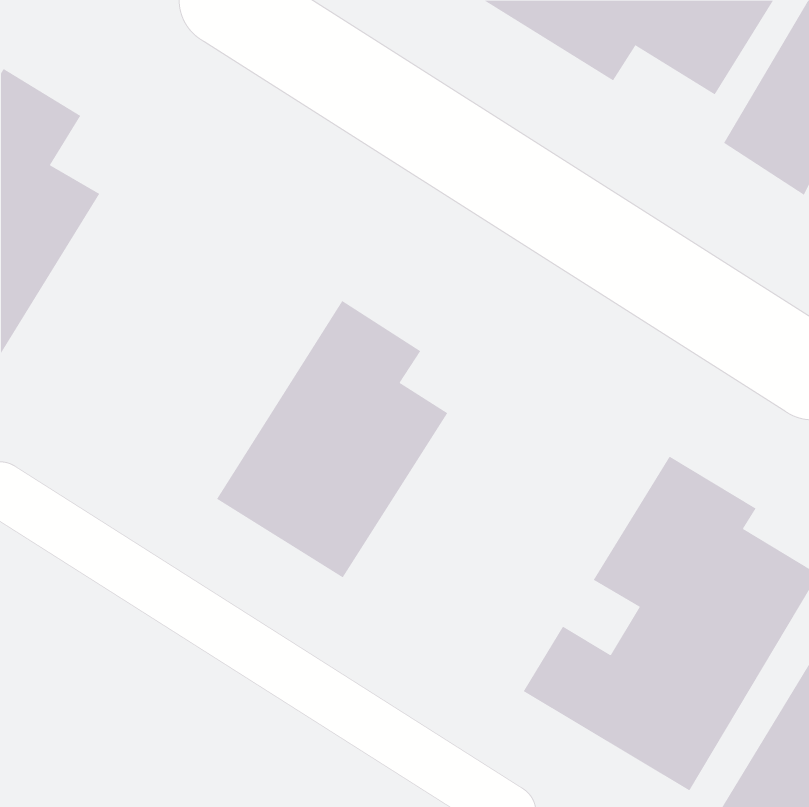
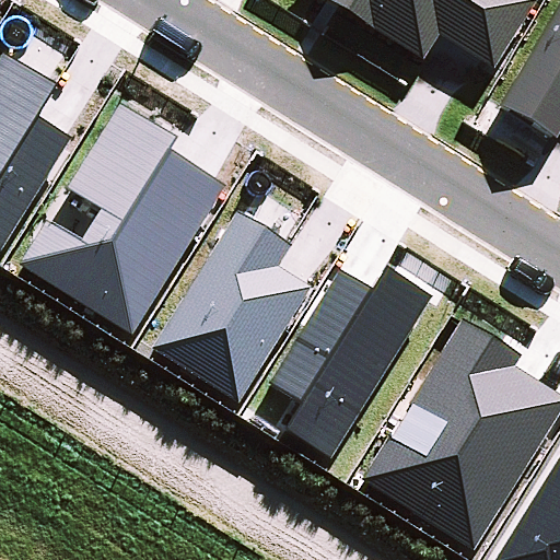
building: none -> [19,102,226,335]
building: none -> [269,264,434,458]

